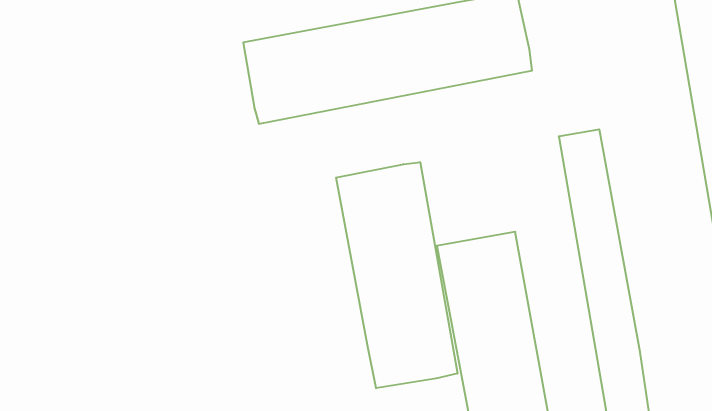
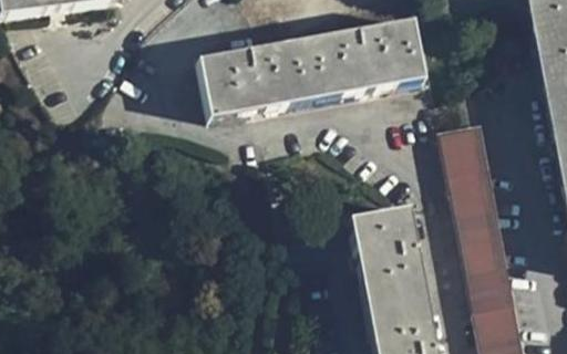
building: [336,162,457,388] -> none

